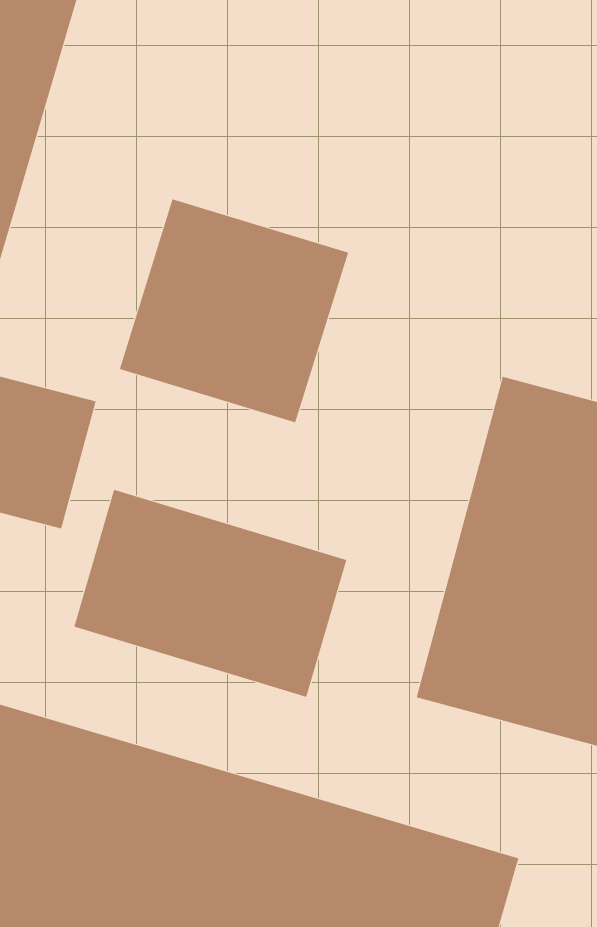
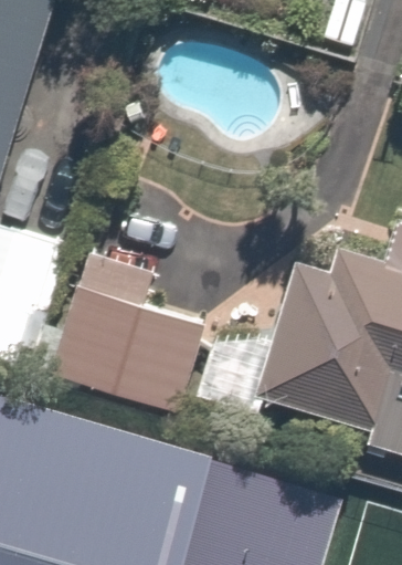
building: [119,199,349,423] -> none

